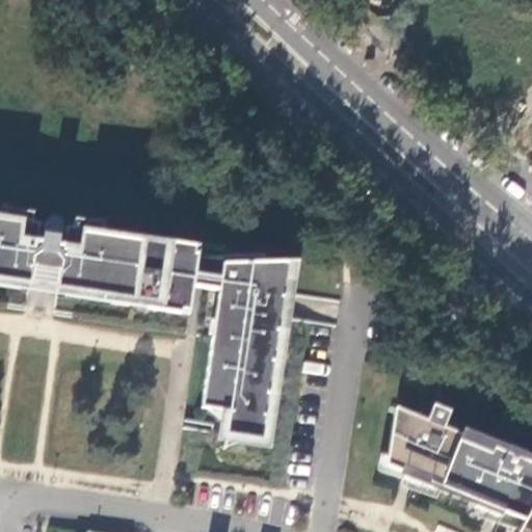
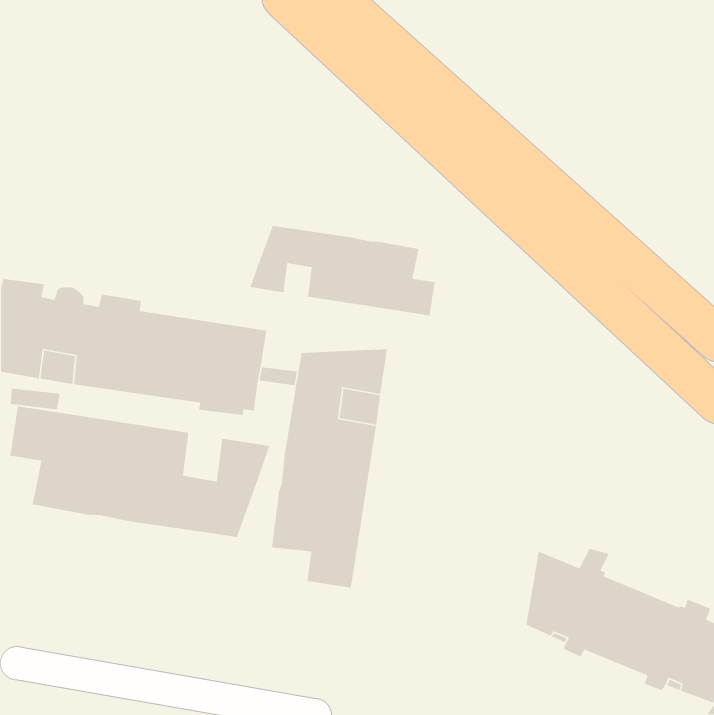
building: none -> [249,225,436,316]
building: none -> [9,405,270,538]

